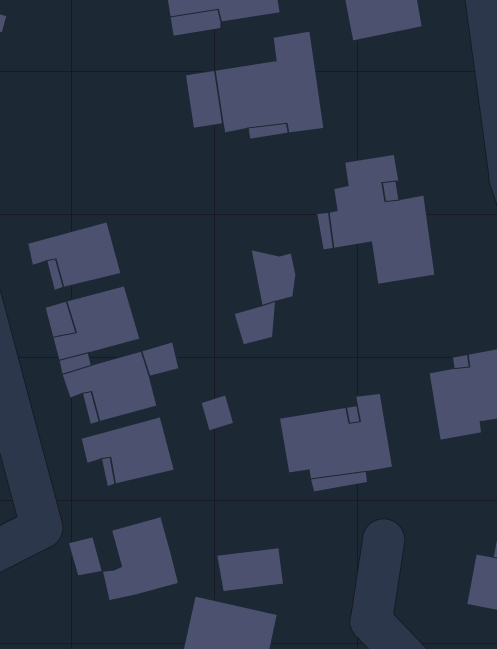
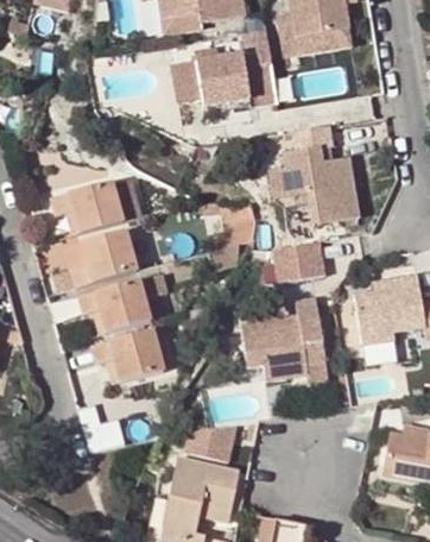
building: none -> [282,21,354,58]
building: none -> [277,244,333,281]
building: [103,516,178,601] -> none

